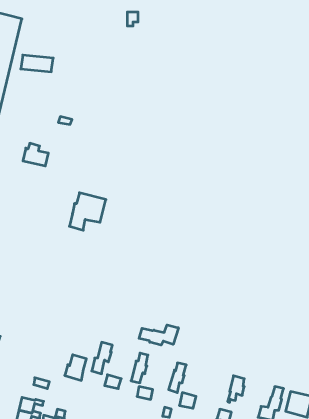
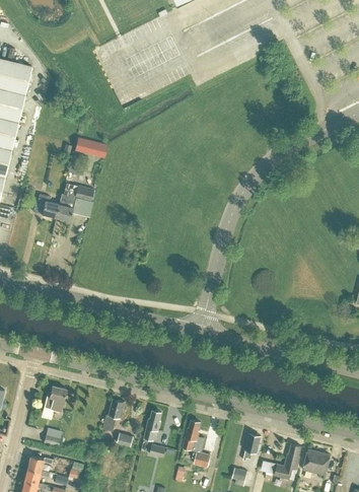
building: [21,55,53,72] -> [78,139,112,156]
building: [69,193,106,230] -> [56,183,93,221]
building: [139,325,178,345] -> none
building: [65,355,86,380] -> [44,385,66,412]

